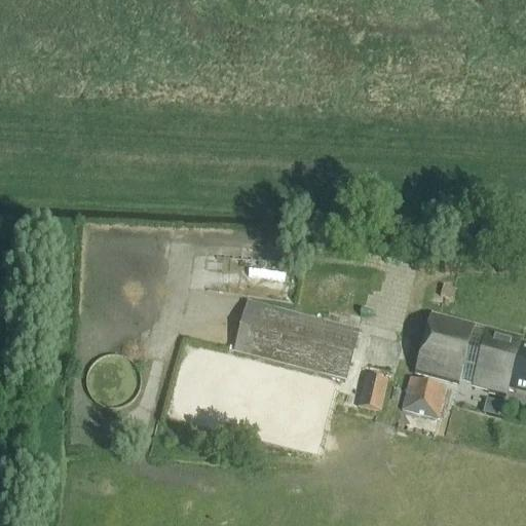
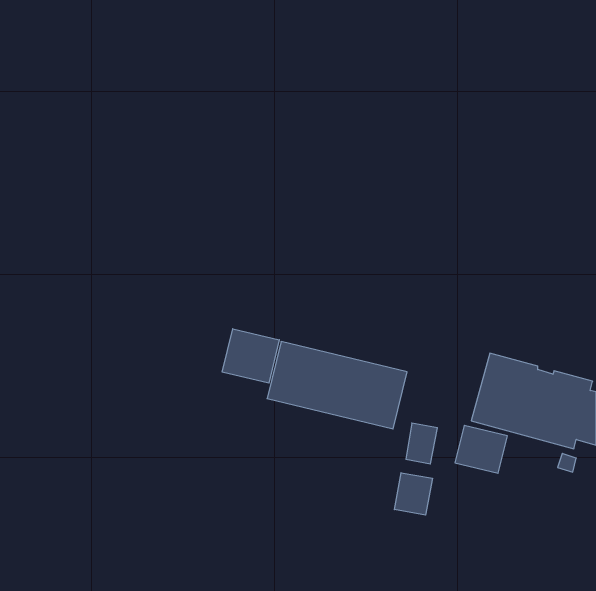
building: none -> [222,329,279,383]
building: none -> [394,473,432,515]

